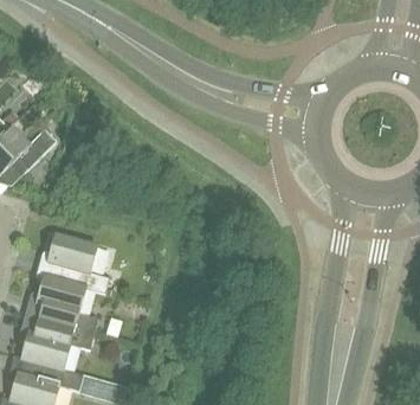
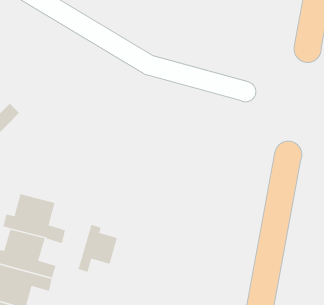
building: none -> [78,224,118,273]

